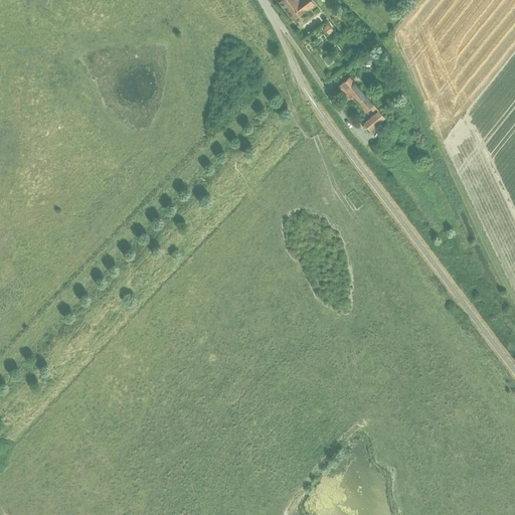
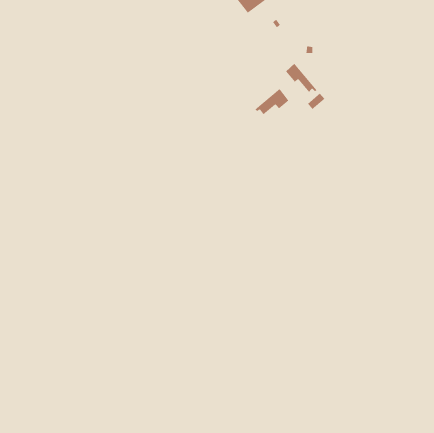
building: none -> [254,88,289,115]

